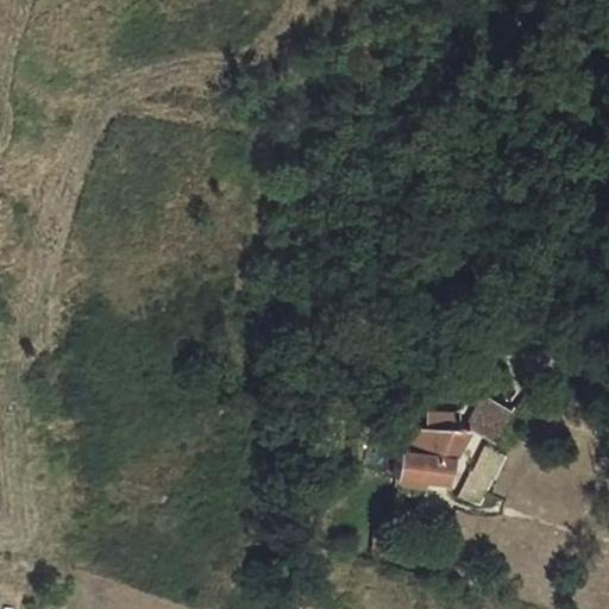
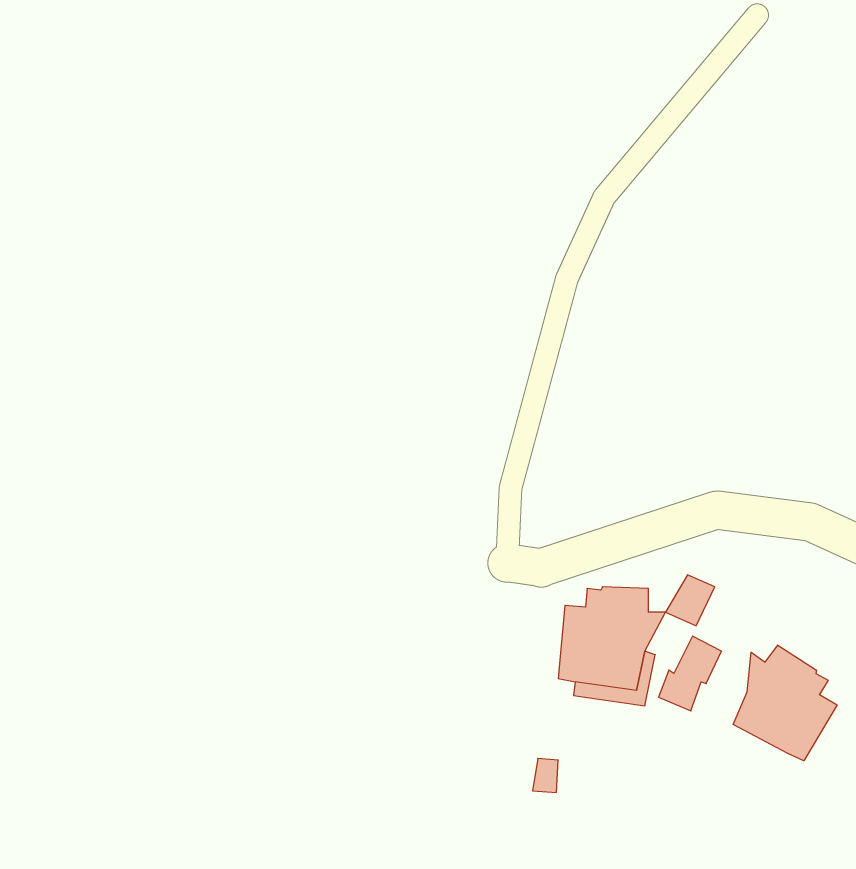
building: none -> [733,645,837,761]

